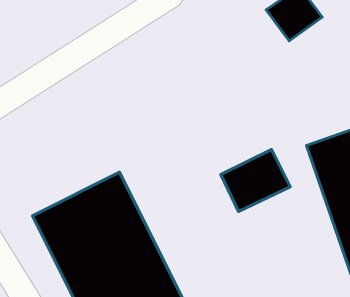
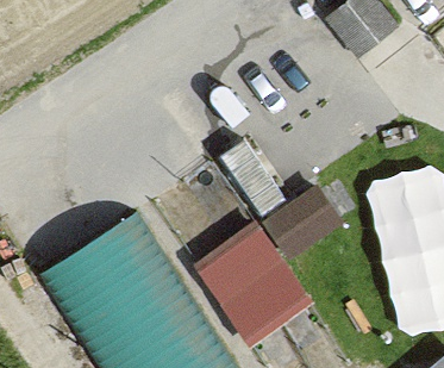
building: none -> [195,222,312,348]

